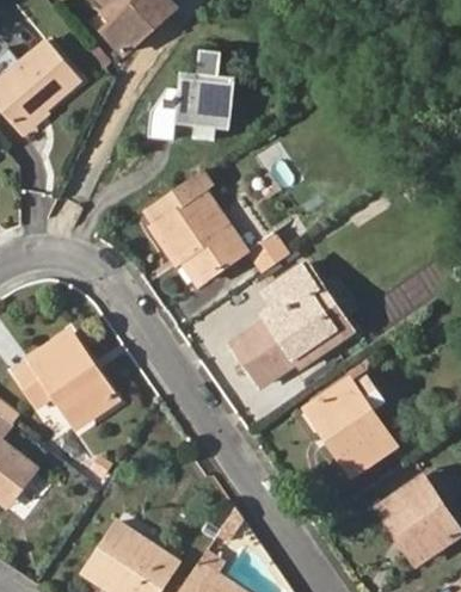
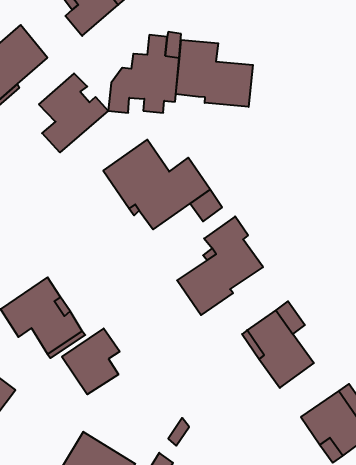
building: none -> [176,40,253,107]
building: none -> [39,73,108,152]
building: [294,261,354,364] -> none
building: none -> [62,328,120,394]

